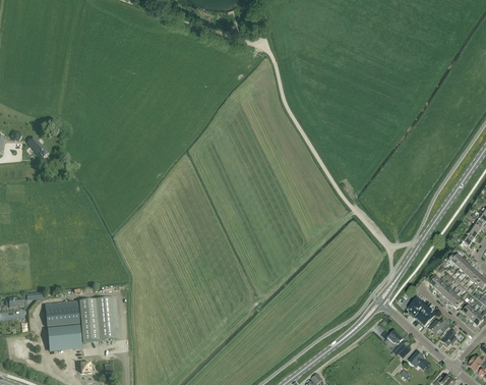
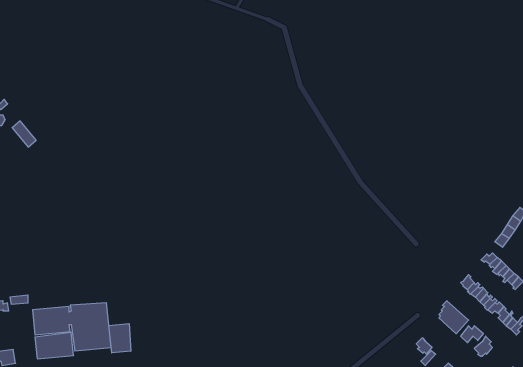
building: none -> [109,324,131,353]

